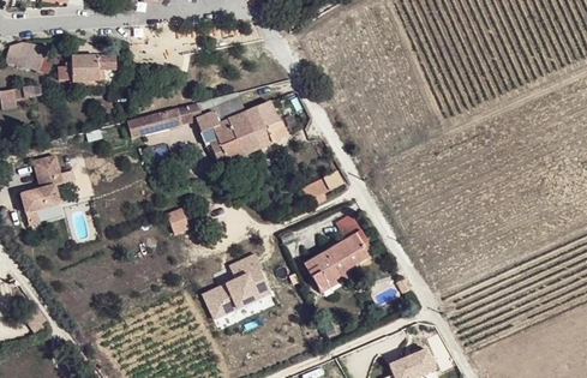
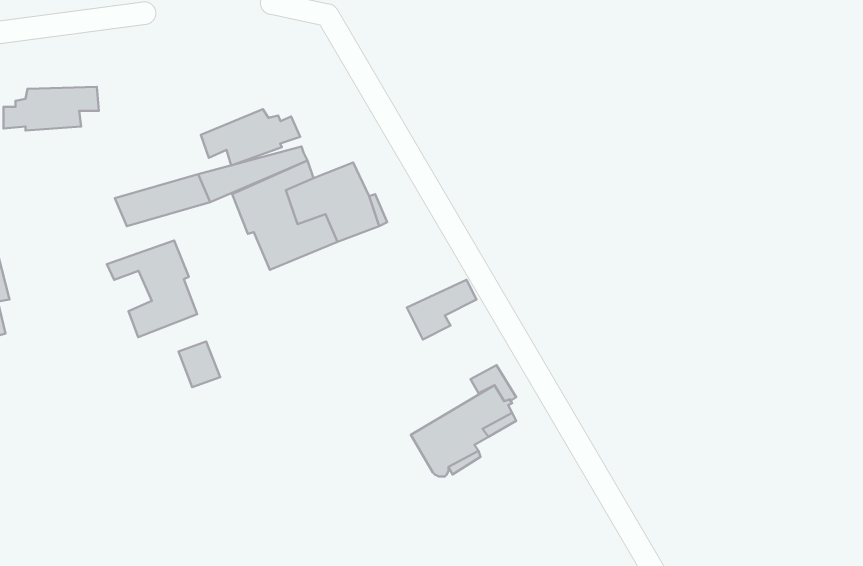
building: none -> [201,109,300,165]
building: none -> [107,240,197,337]
building: [203,254,270,318] -> none

